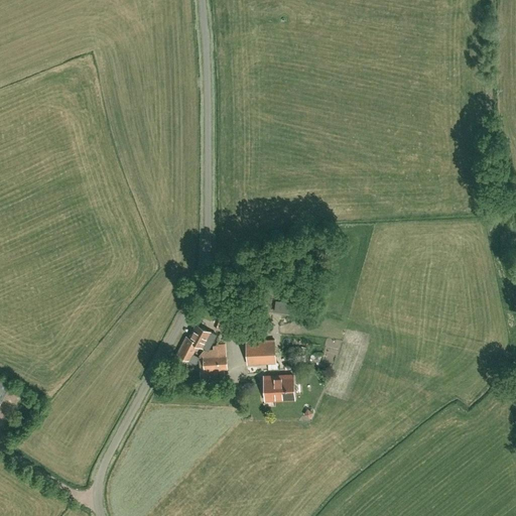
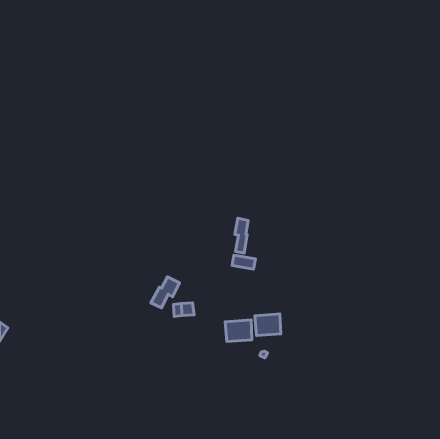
building: none -> [235,218,248,253]
building: [245,341,275,366] -> [255,314,281,336]

